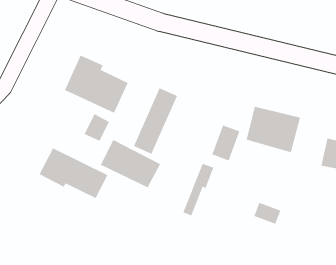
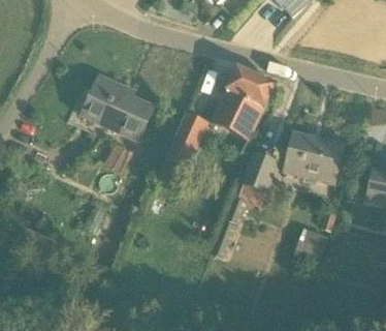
building: none -> [212,66,275,139]
building: [100,139,161,188] -> none
building: [39,147,108,199] -> none

